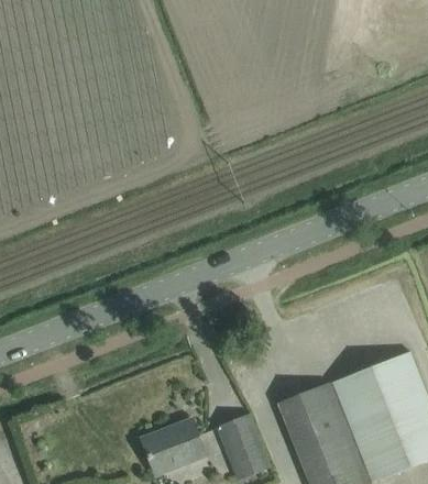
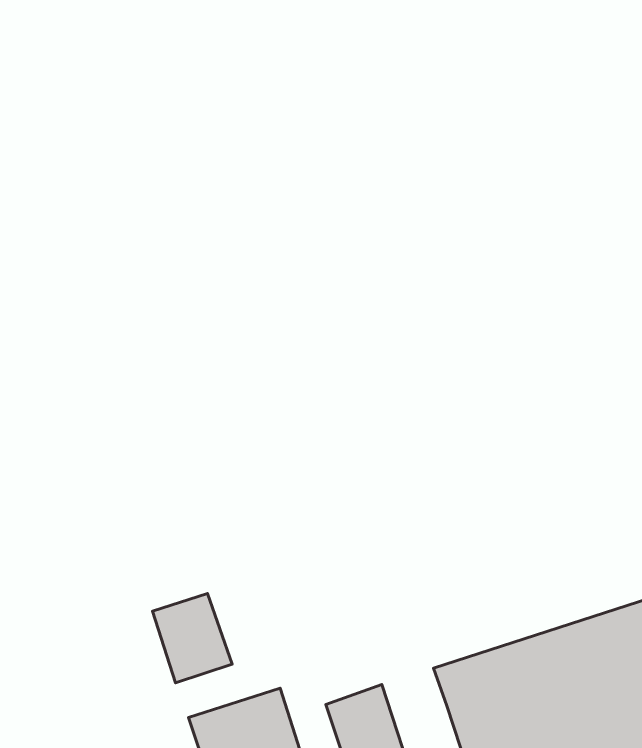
building: none -> [152,594,232,683]

